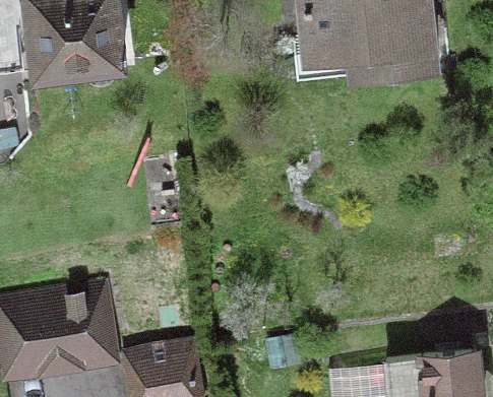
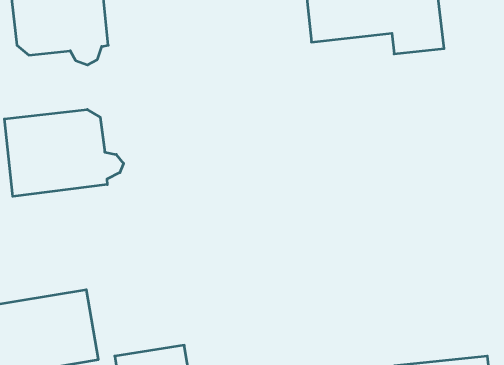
building: none -> [4,109,124,196]

